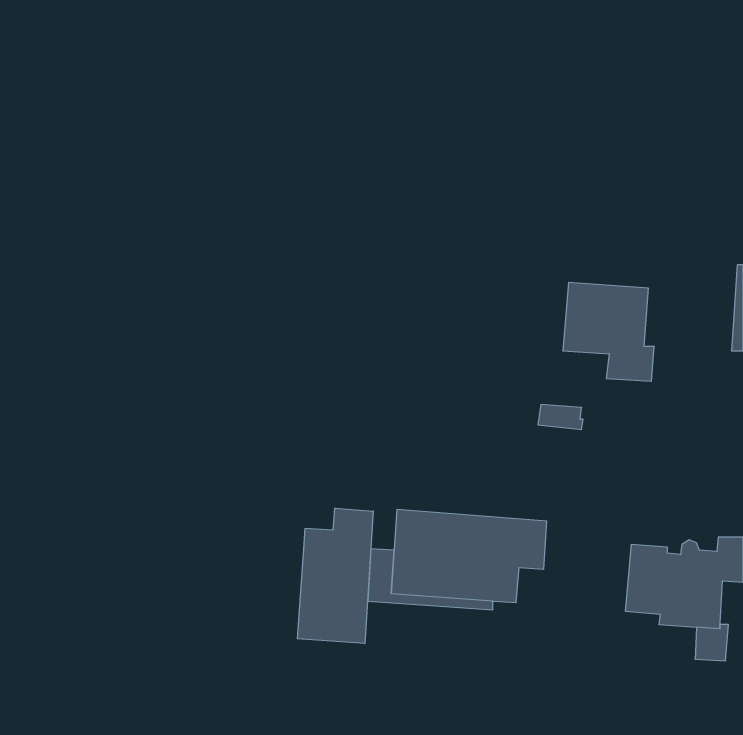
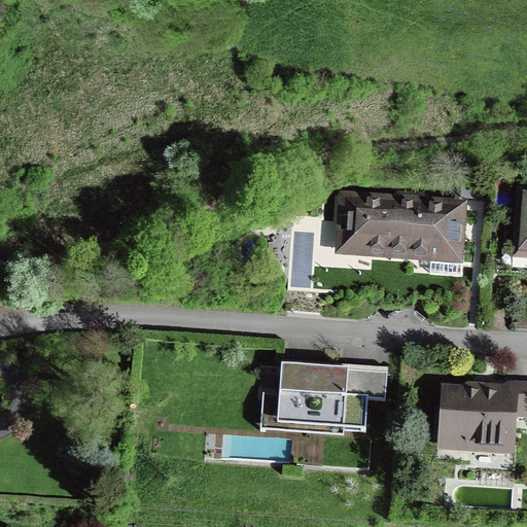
building: none -> [342,195,402,248]
building: [297,508,373,644] -> none

